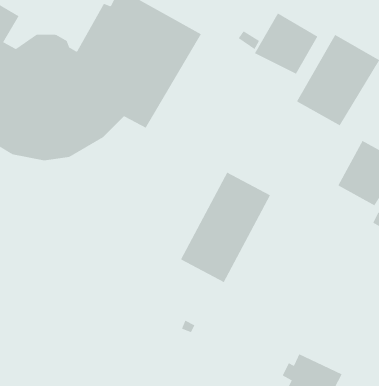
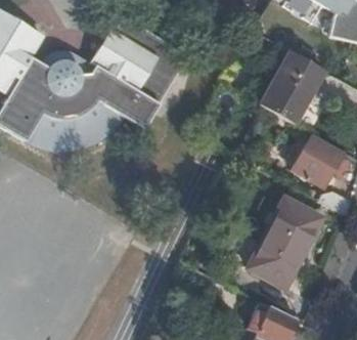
building: [254,13,318,74] -> none
building: [180,172,271,283] -> [250,200,321,288]

